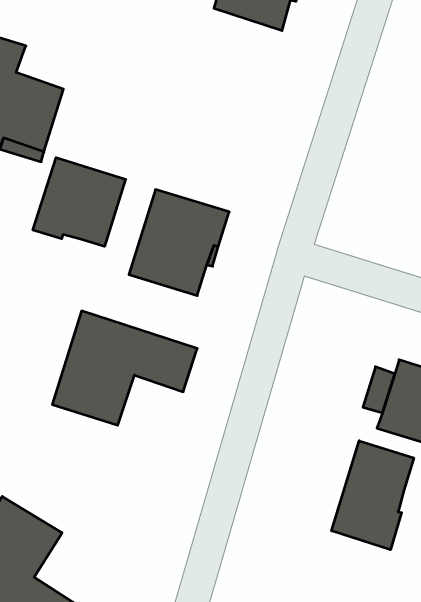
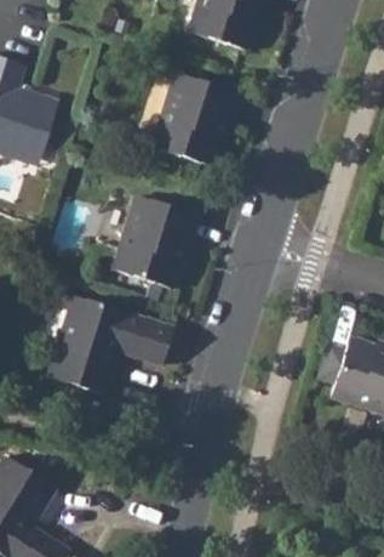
building: none -> [150,72,237,165]
building: [33,158,126,246] -> none
building: [332,441,414,550] -> none

